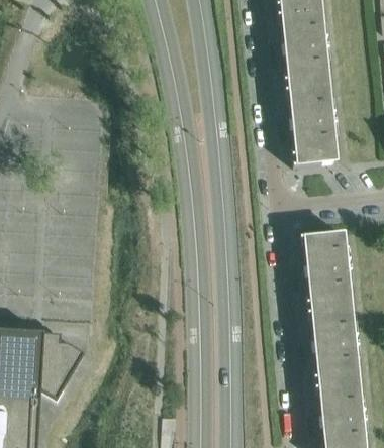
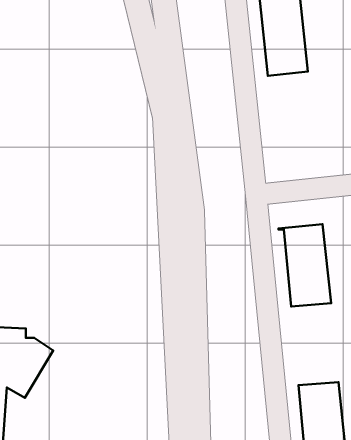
building: [291,88,337,167] -> none
building: [313,310,359,388] -> none

